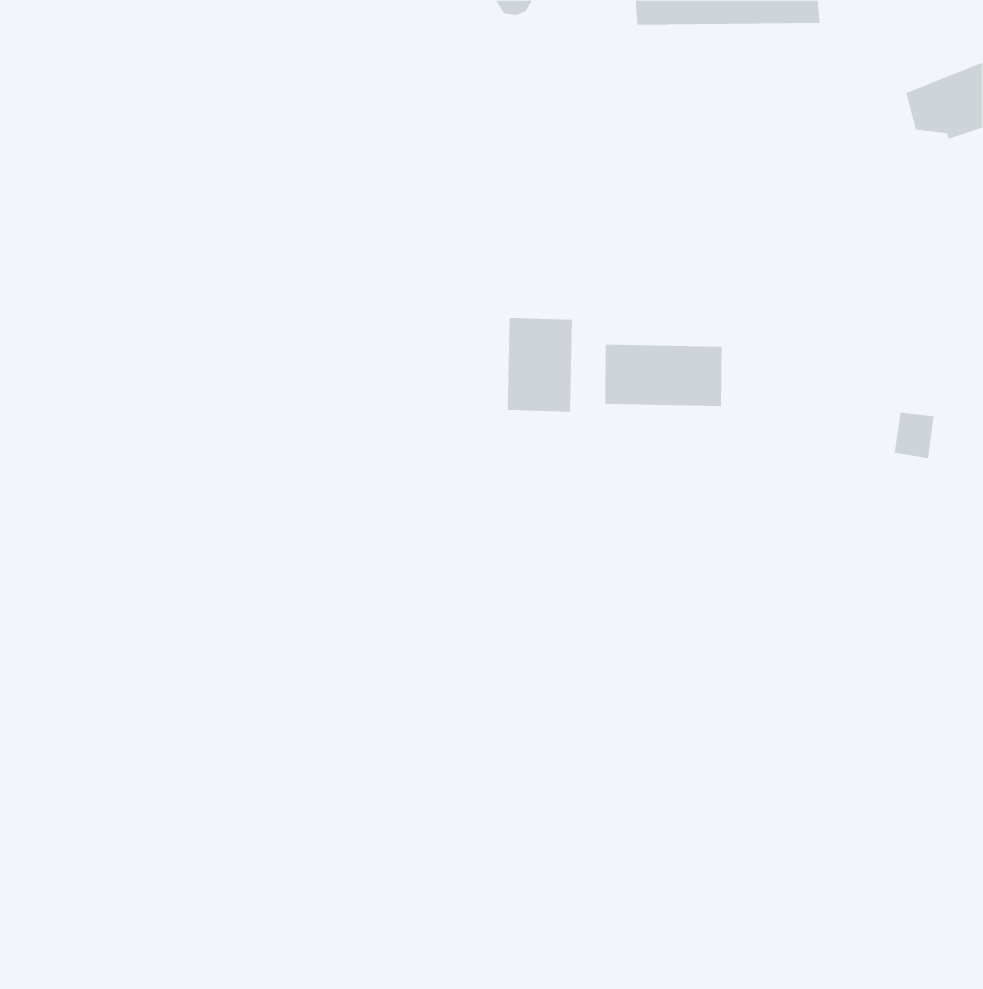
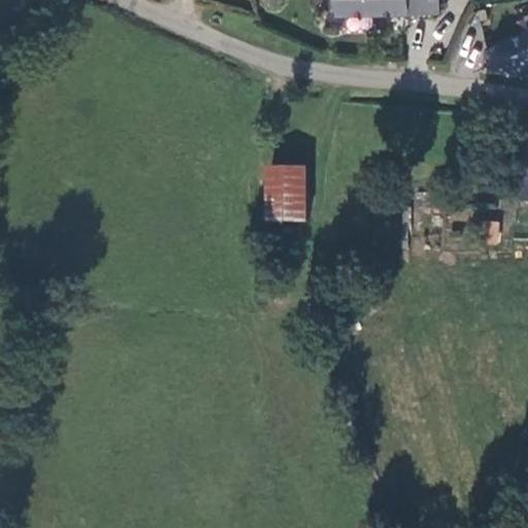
building: [605,344,722,407] -> none

